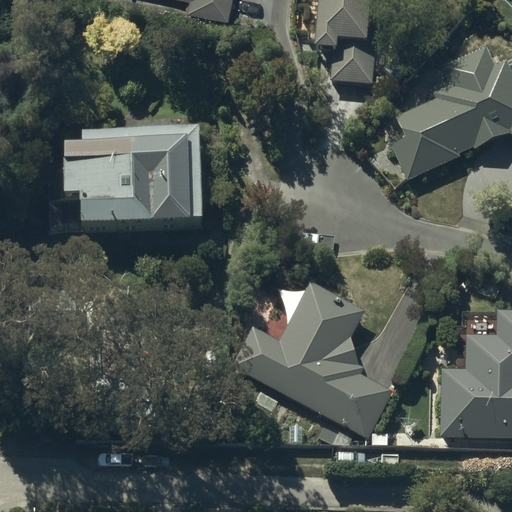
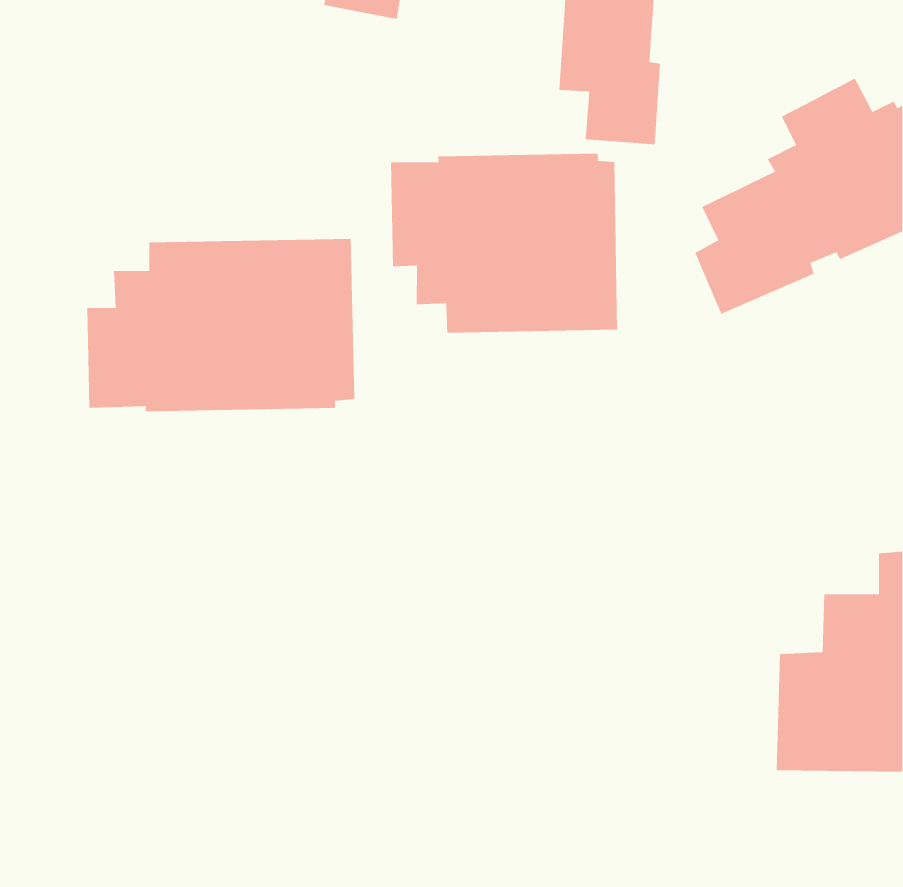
building: none -> [391,153,617,333]
building: [231,281,393,436] -> none

